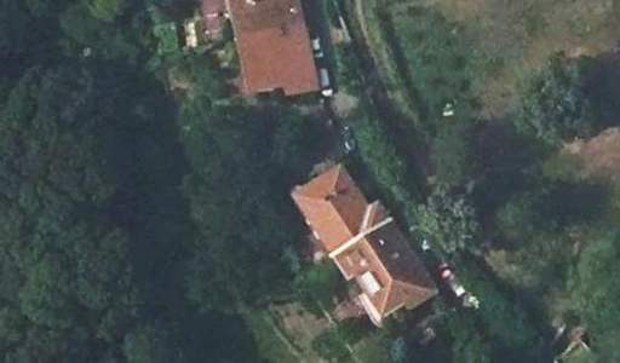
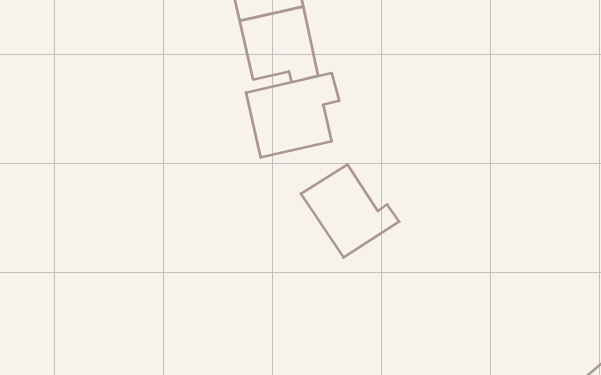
building: none -> [246,73,339,158]
building: [337,220,432,312] -> none

